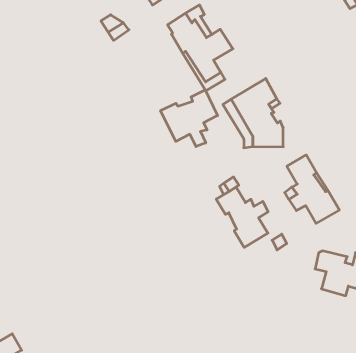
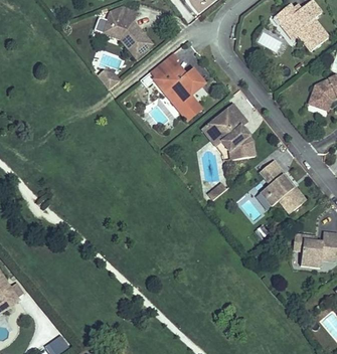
building: [161,90,218,147] -> none
building: [216,187,268,247] -> none

